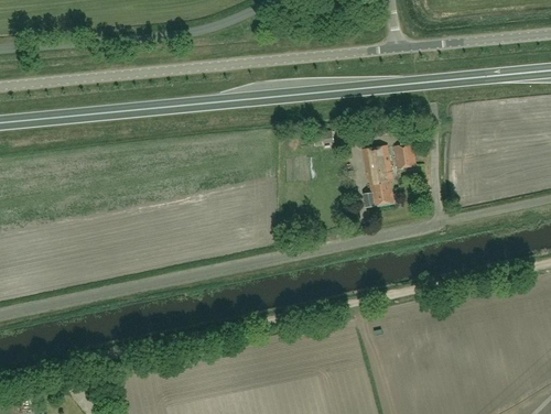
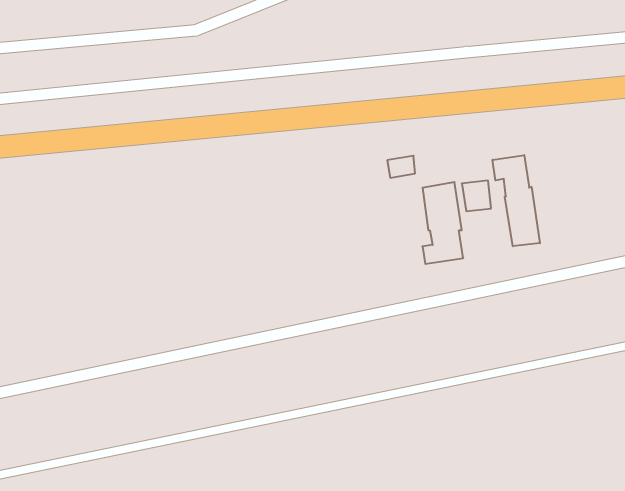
building: none -> [493,155,540,246]

